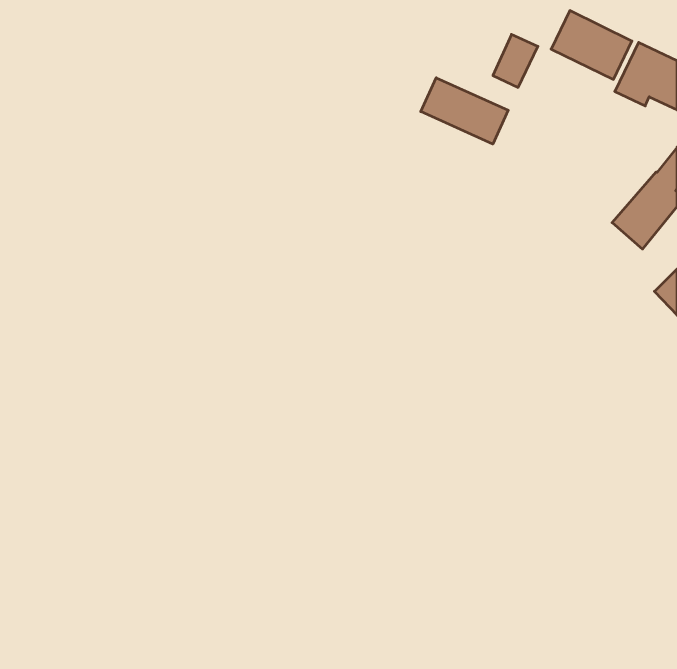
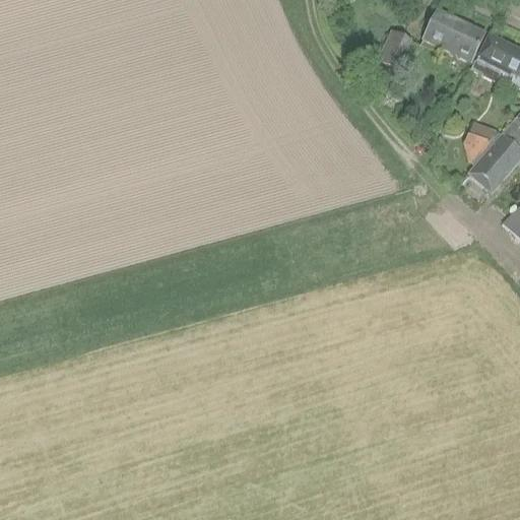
building: [421,78,508,144] -> none
building: none -> [468,125,498,158]

